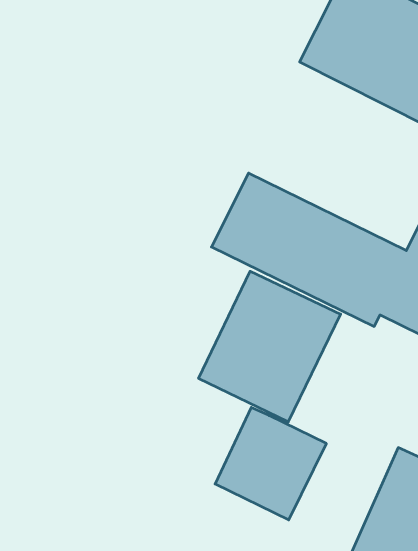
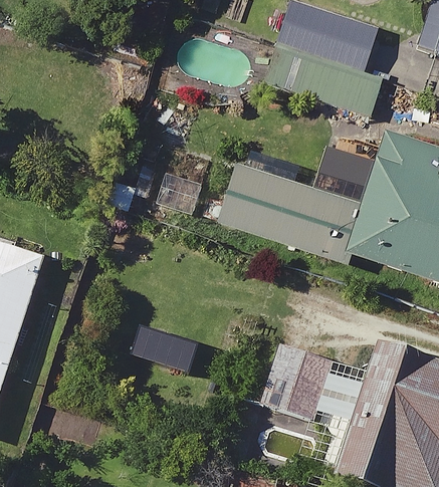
building: [199,271,341,422] -> none

